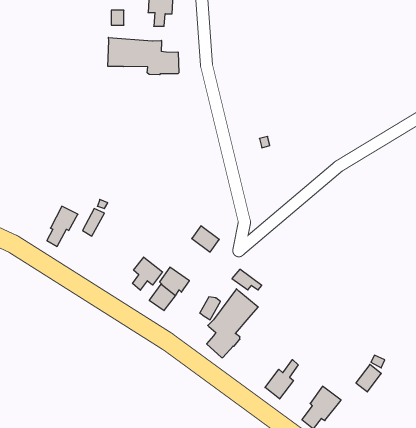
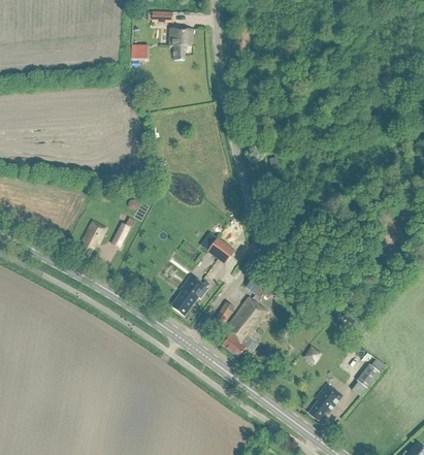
building: [108,37,179,75] -> none
building: [133,257,163,290] -> none
building: [265,360,298,399] -> none

